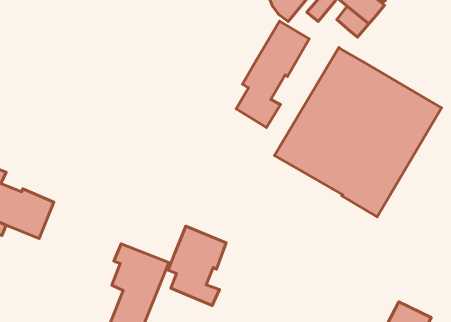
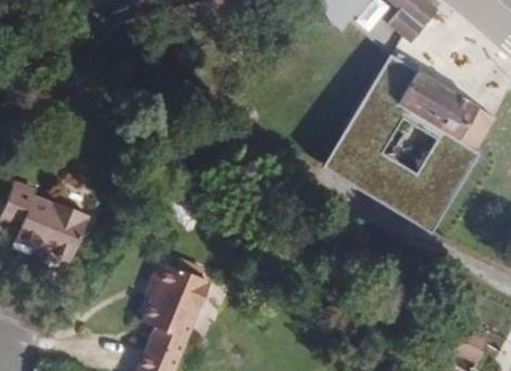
building: [236,21,309,127] -> none
building: [168,226,226,305] -> none

